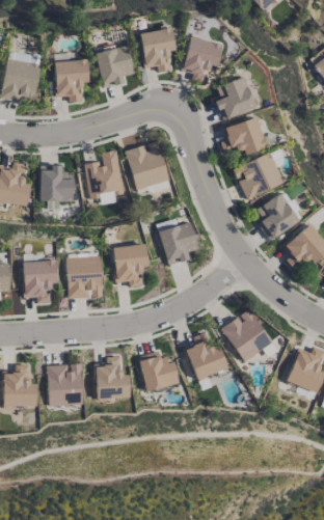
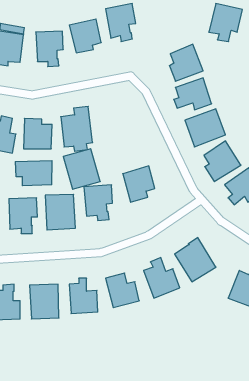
building: [182,37,222,83] -> [209,4,242,42]
building: [125,141,169,190] -> [63,149,100,189]
building: none -> [15,161,52,186]

